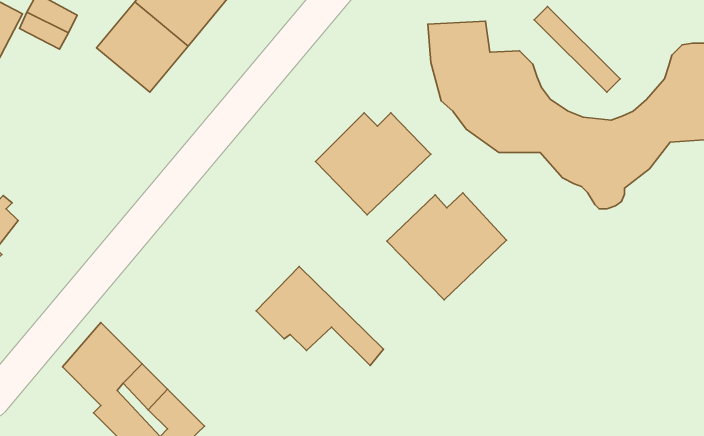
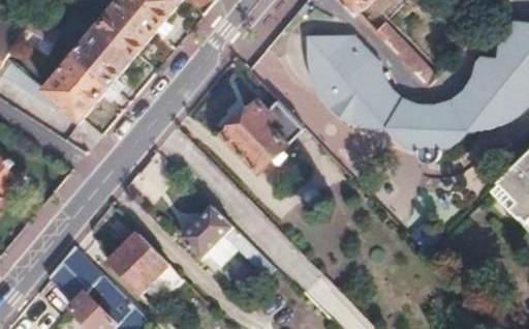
building: none -> [43,53,108,117]
building: [387,193,507,300] -> none
building: none -> [111,234,186,292]

